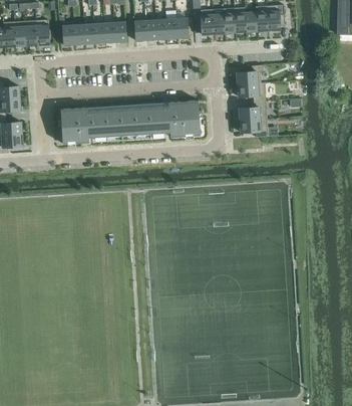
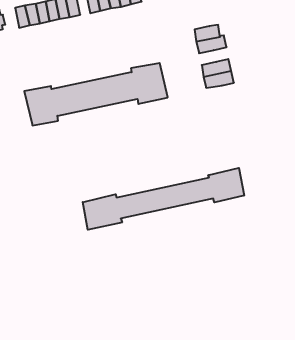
building: none -> [83,168,244,230]

